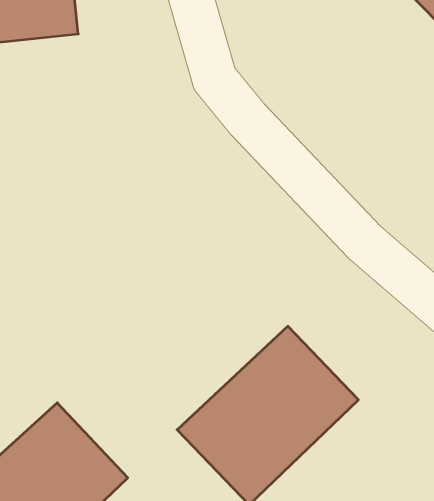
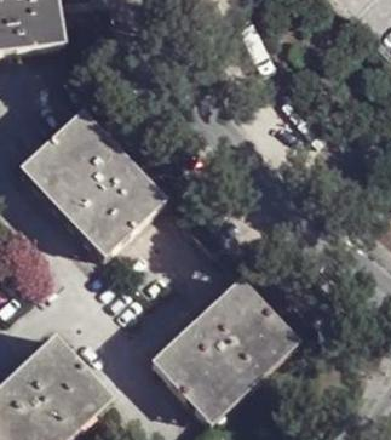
building: none -> [21,109,165,255]

